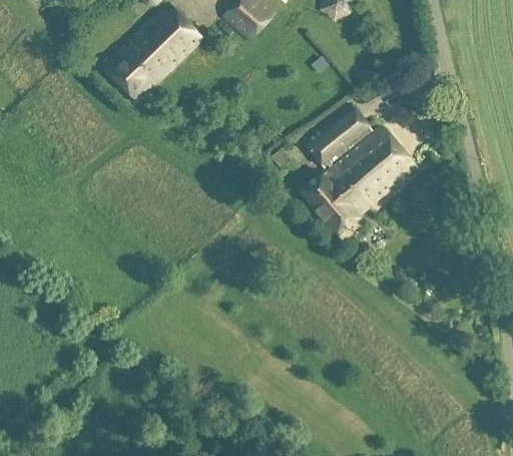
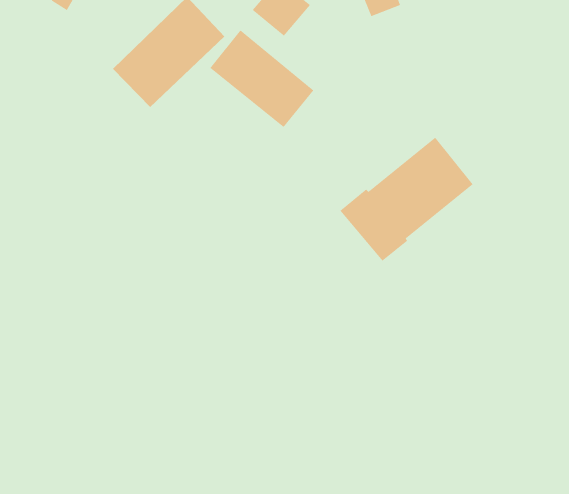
building: none -> [210,30,314,128]
building: [304,102,373,167] -> none

